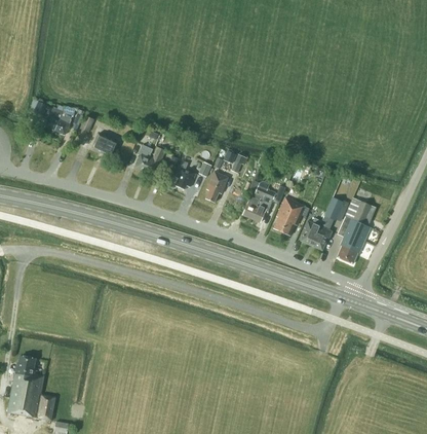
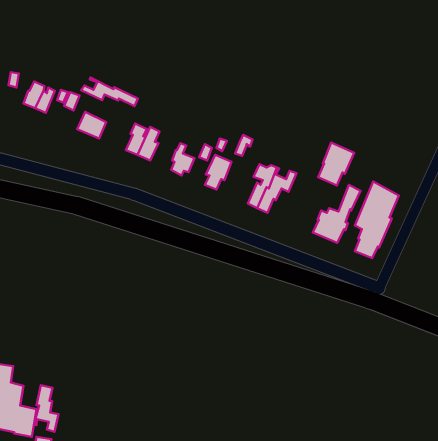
building: none -> [81,78,138,106]
building: [274,196,306,234] -> [318,142,354,185]
building: none -> [34,385,58,432]

